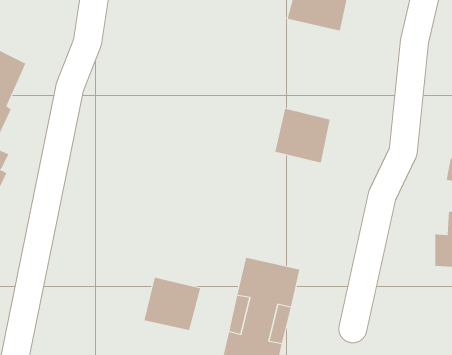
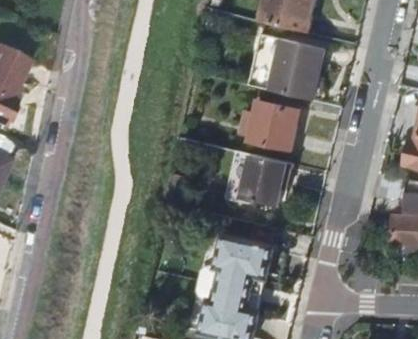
building: none -> [252,34,327,101]
building: none -> [243,155,290,206]
building: [144,277,201,331] -> none

